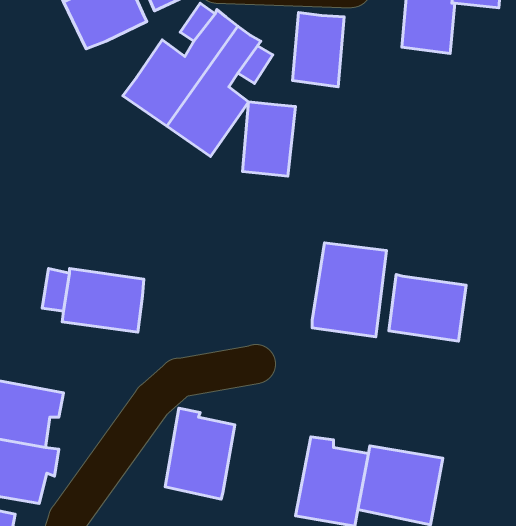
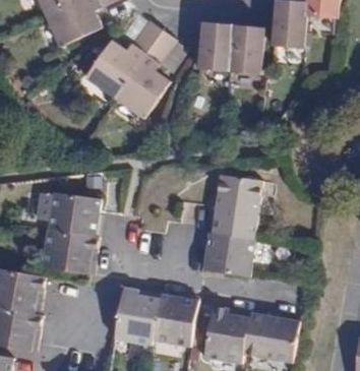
building: [242,102,296,176] -> [230,24,265,74]
building: [389,275,466,341] -> [203,232,255,276]
building: none -> [39,229,99,276]
building: none -> [153,294,198,350]

